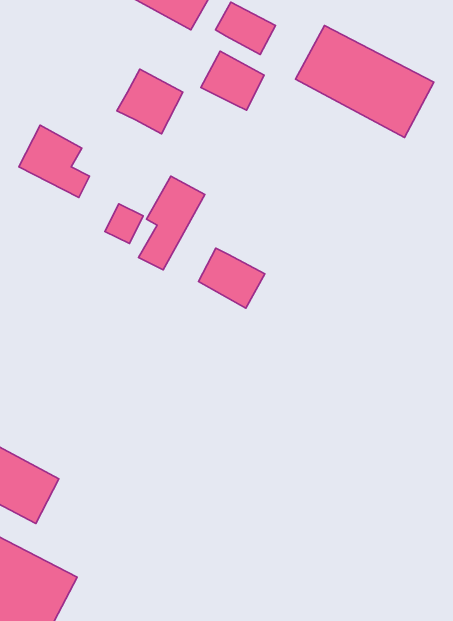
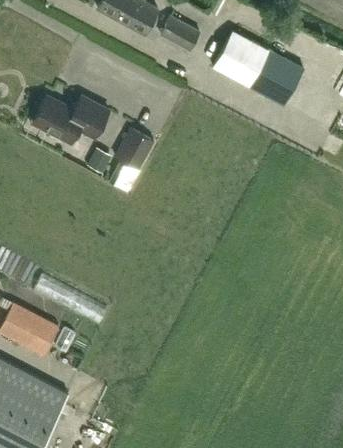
building: [201,51,264,110] -> none
building: [117,69,183,134] -> [67,97,110,139]
building: [198,248,265,308] -> none

